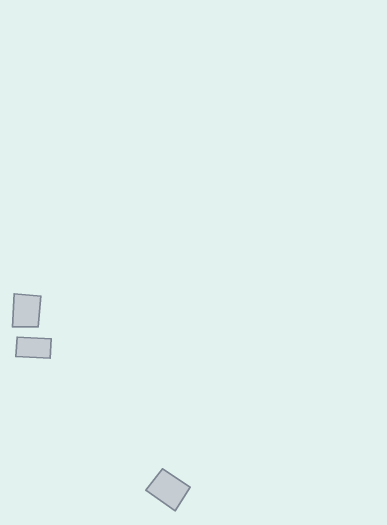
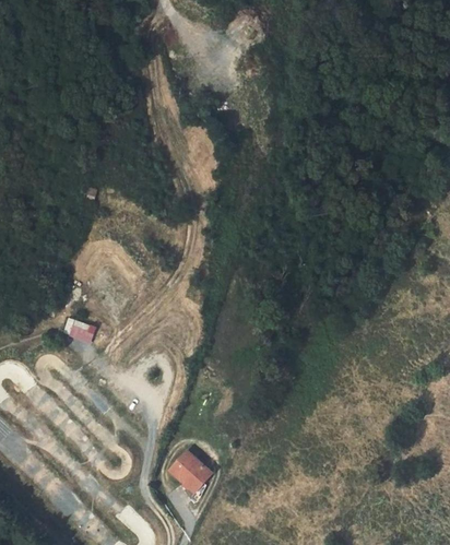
building: [12,294,41,327] -> none

